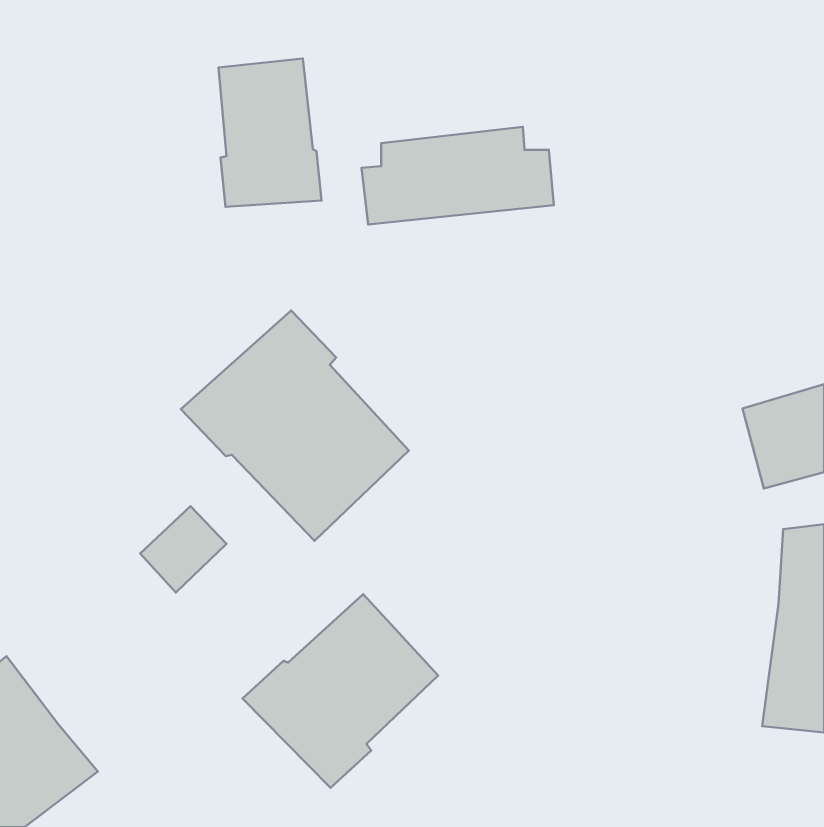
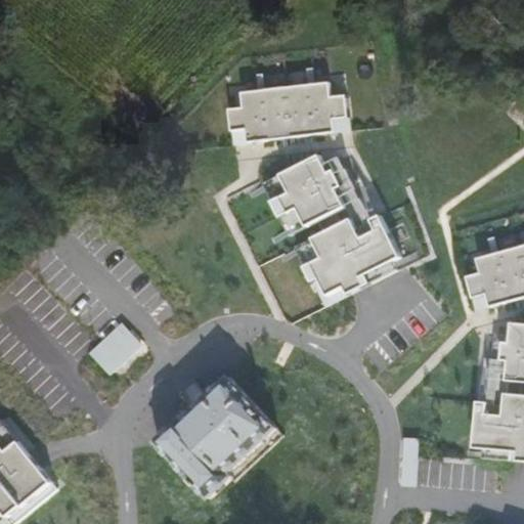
building: [219,59,322,207] -> none
building: none -> [270,152,400,292]
building: [181,311,409,541] -> none

